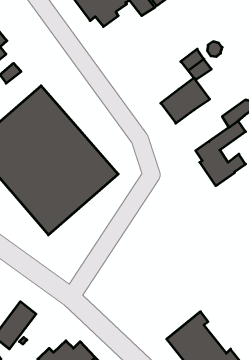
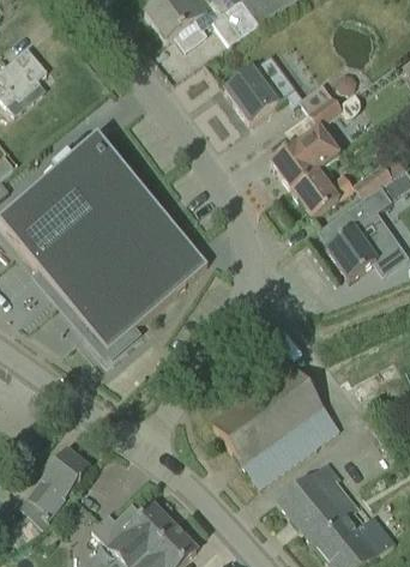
building: none -> [224,55,282,122]
building: none -> [291,170,354,218]
building: none -> [213,349,340,487]

